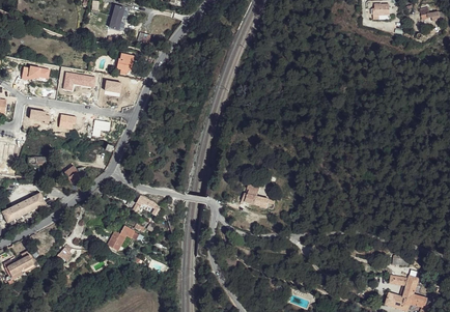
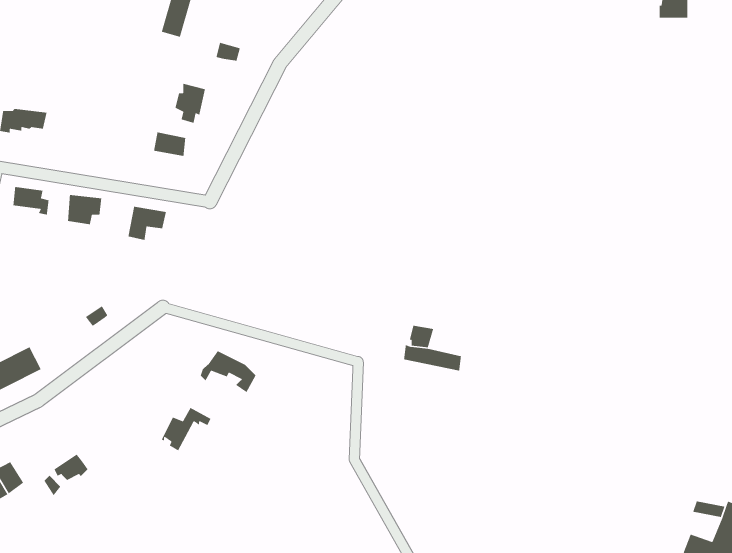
building: [62,70,95,90] -> none

